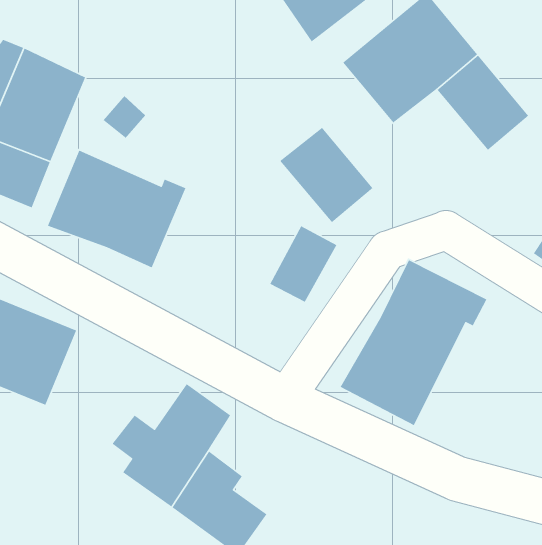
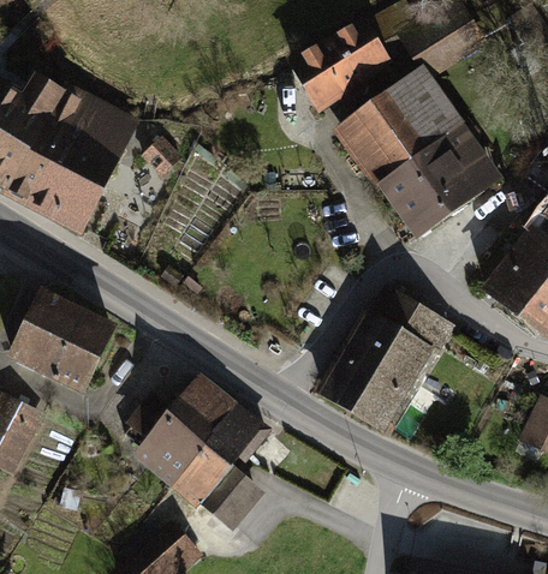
building: [279,127,373,223] -> [382,154,458,233]
building: [47,149,186,269] -> none
building: [269,225,337,303] -> none
building: none -> [213,408,267,461]

